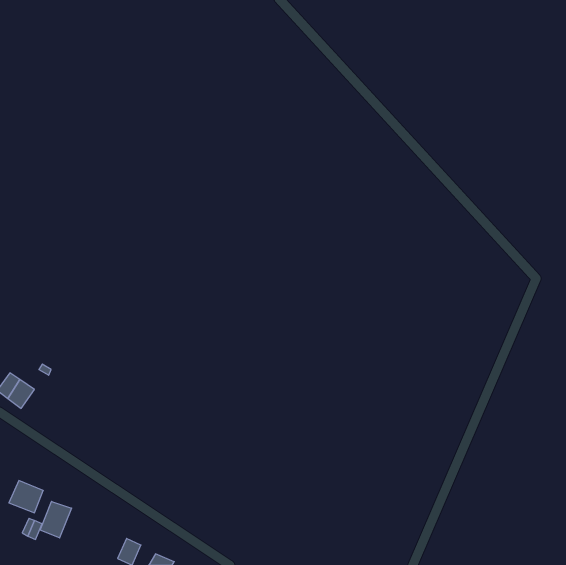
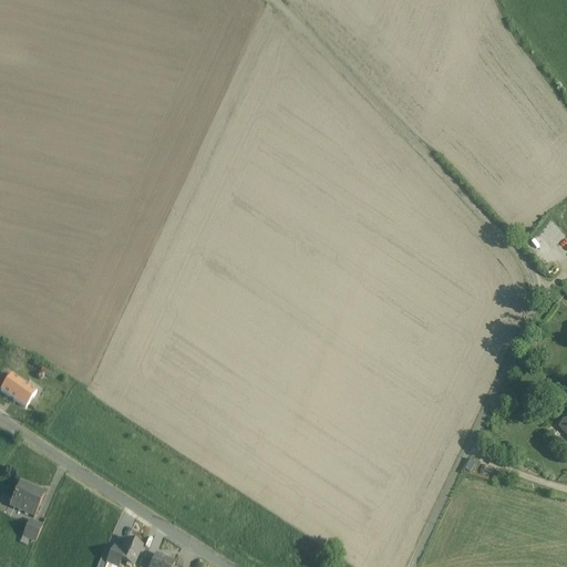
building: [40,501,72,538] -> none

